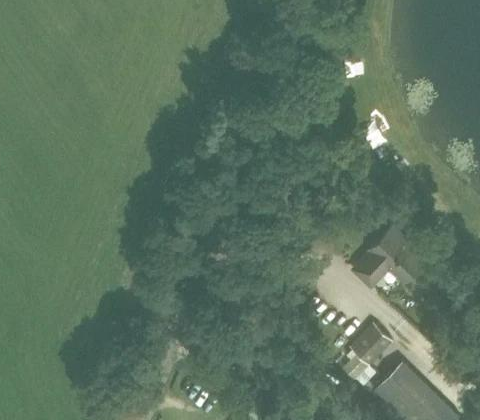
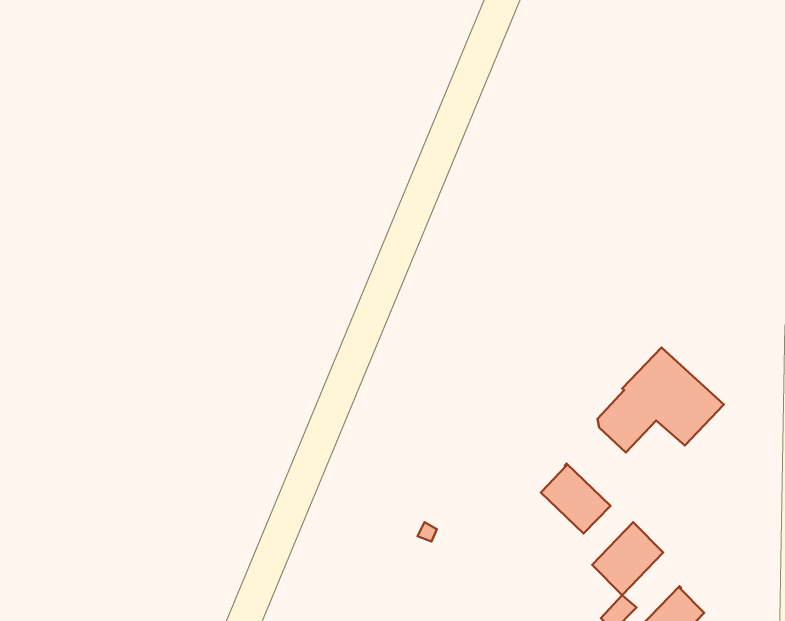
building: none -> [541,464,611,533]

